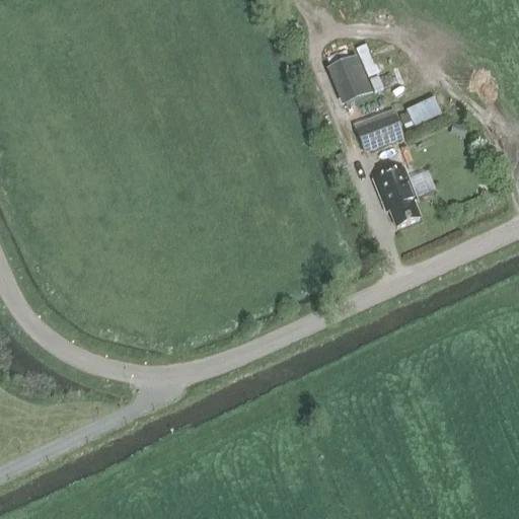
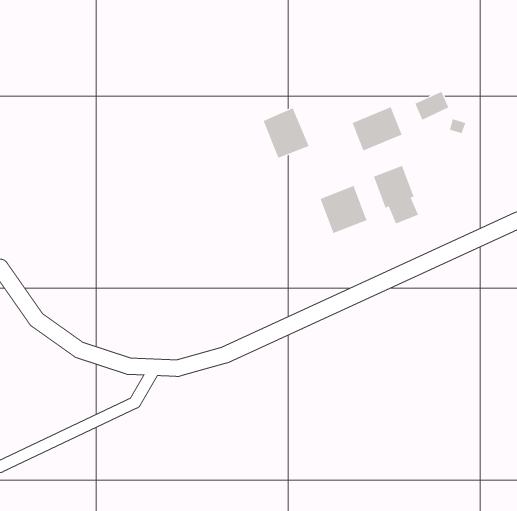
building: [326,53,373,103] -> [263,108,309,158]
building: none -> [320,185,367,234]

